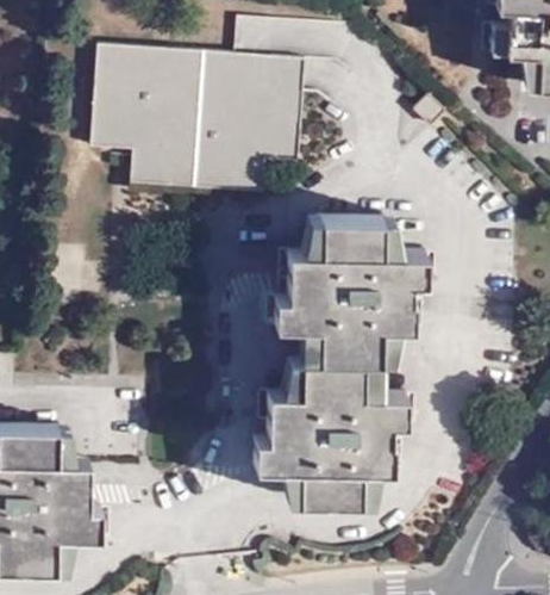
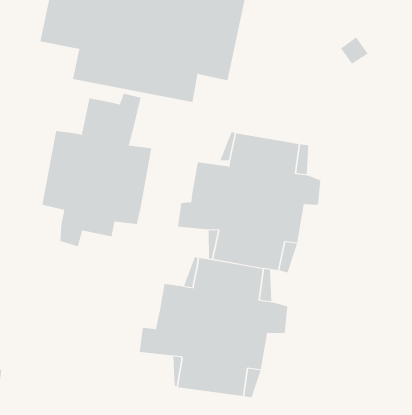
building: none -> [42,93,152,247]

